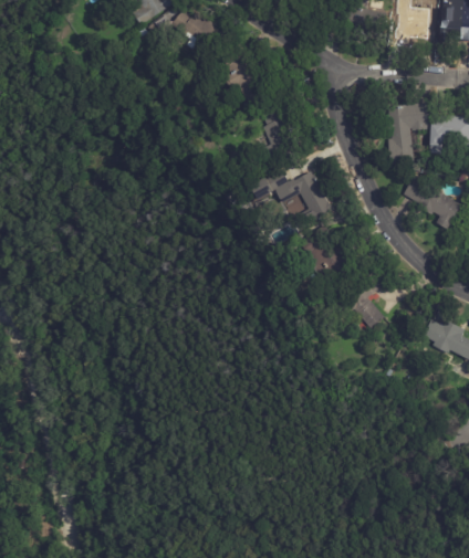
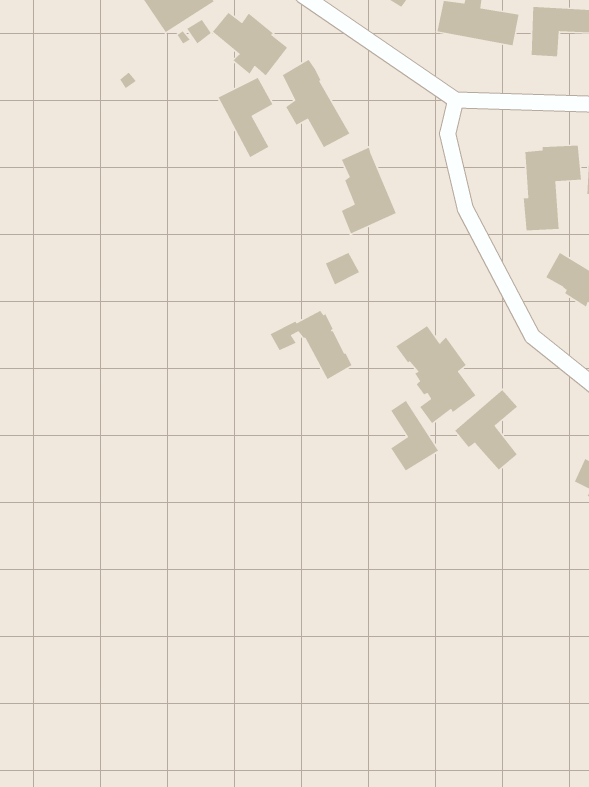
building: none -> [217,77,273,158]
building: [275,170,333,219] -> [270,310,353,380]
building: none -> [390,400,439,471]

